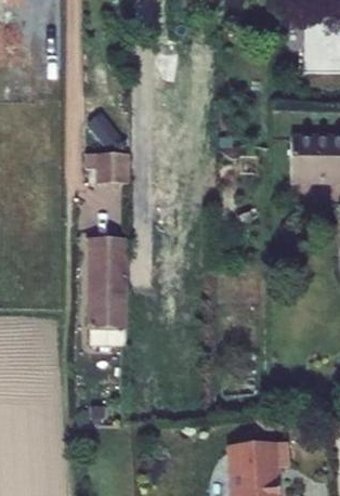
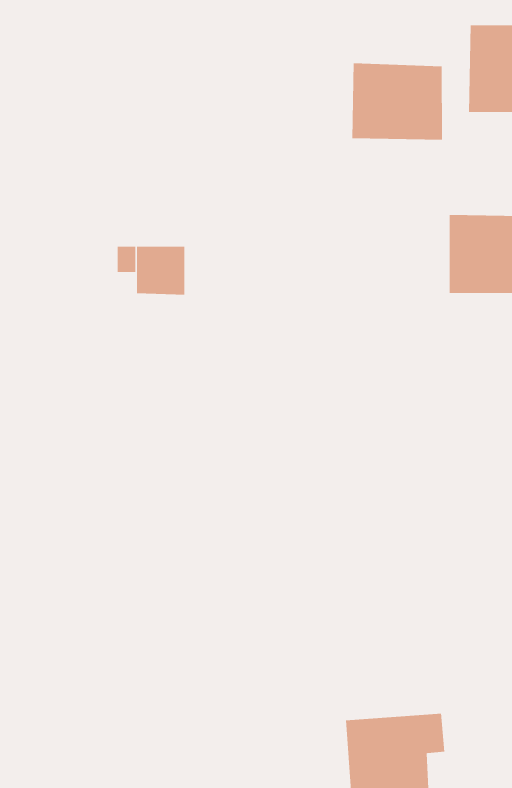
building: none -> [352,63,443,140]
building: [89,238,128,344] -> none

